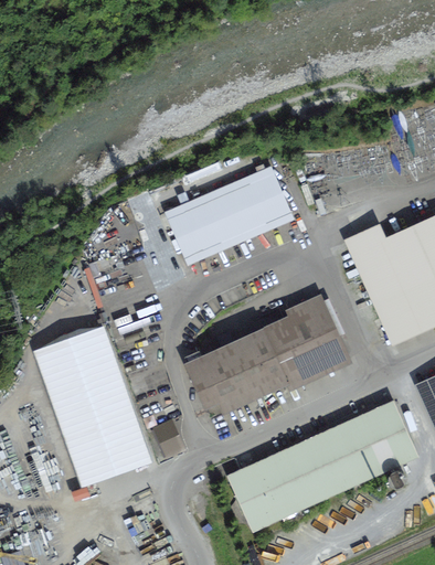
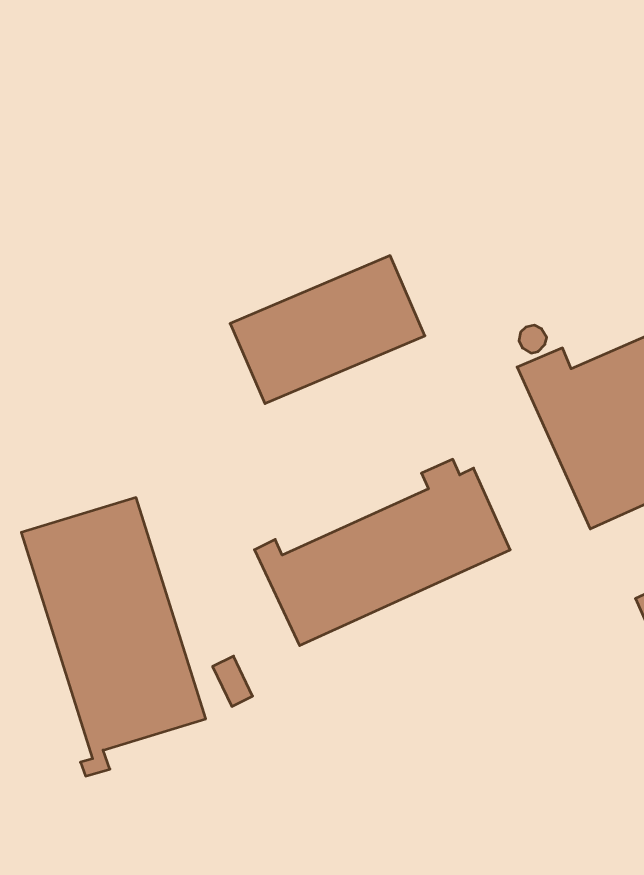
building: [226,401,417,532] -> none

